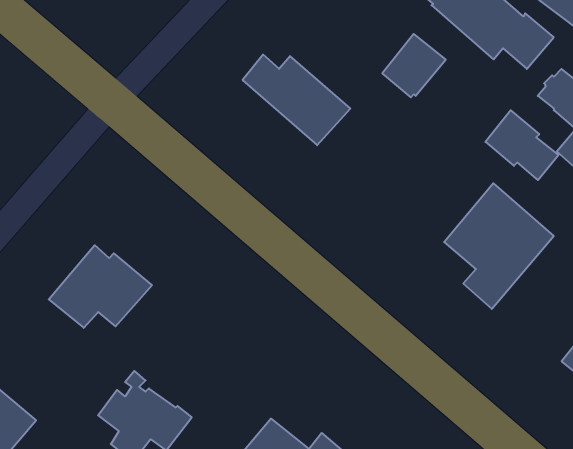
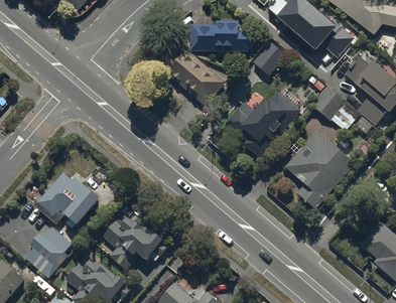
building: none -> [190,21,252,52]
building: none -> [226,90,300,157]
building: none -> [103,212,171,269]
building: none -> [25,224,72,278]

